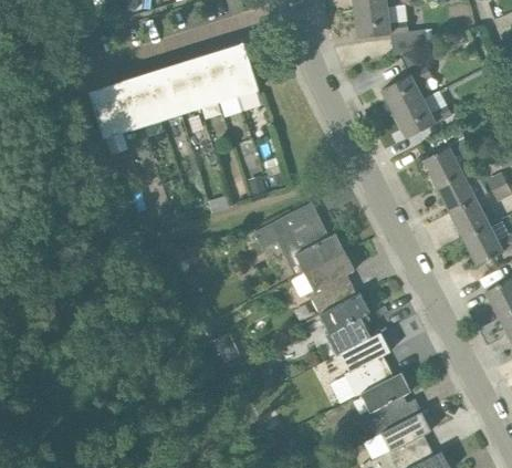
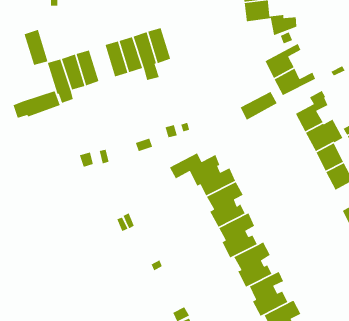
building: [147,69,180,118] -> [24,29,48,66]
building: none -> [12,90,61,119]
building: none -> [239,91,278,121]

